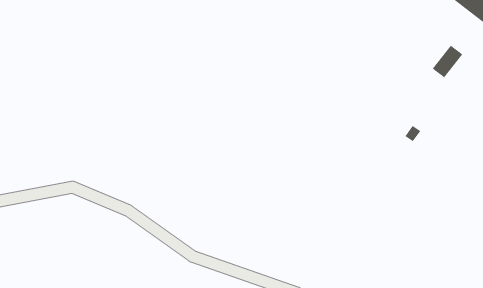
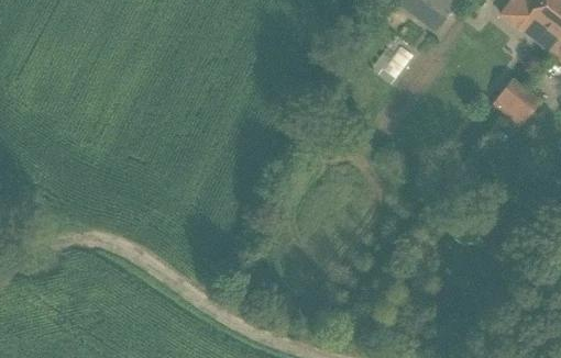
building: none -> [507,89,542,126]

